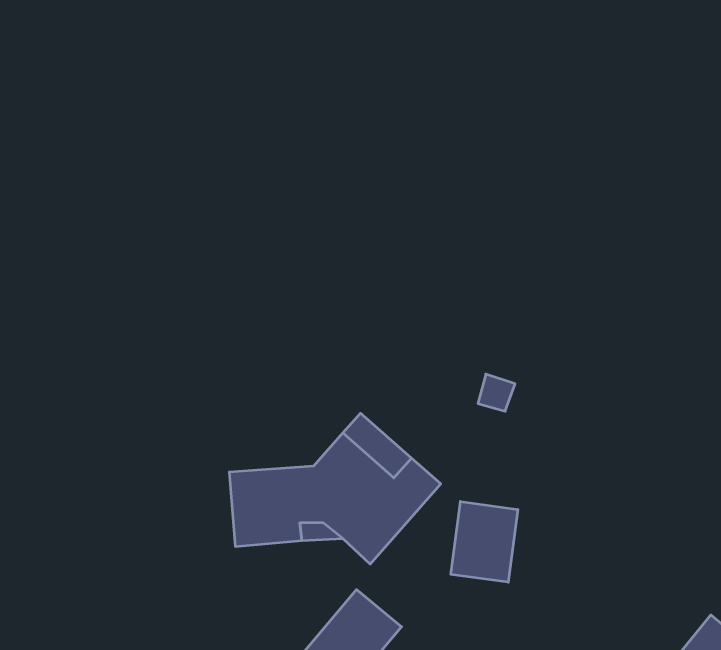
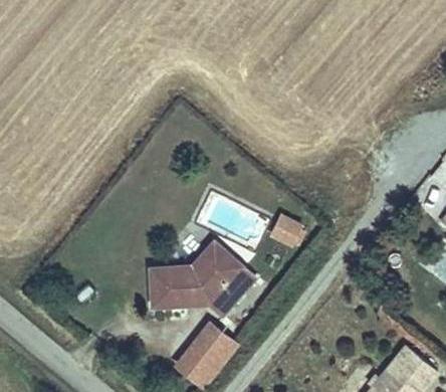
building: [451,501,518,582] -> none

